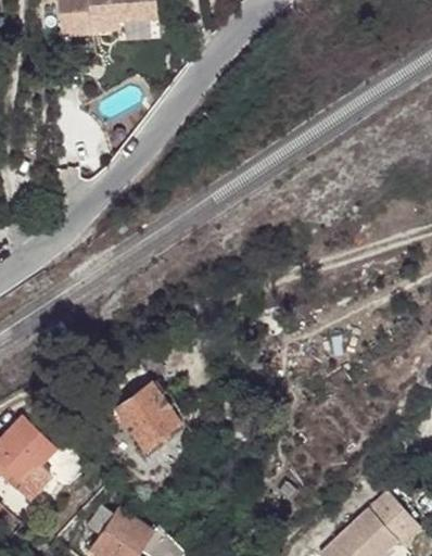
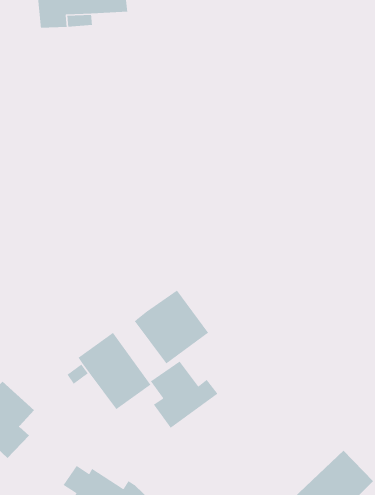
building: none -> [134,289,209,364]
building: none -> [150,360,218,429]

